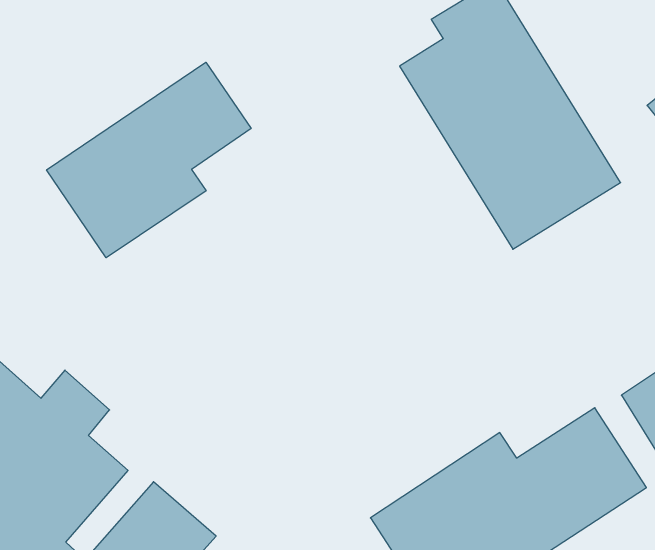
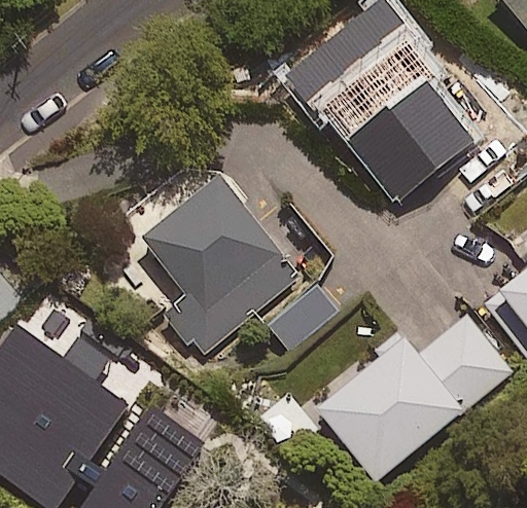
building: [47,62,251,258] -> none
building: none -> [143,180,296,353]

